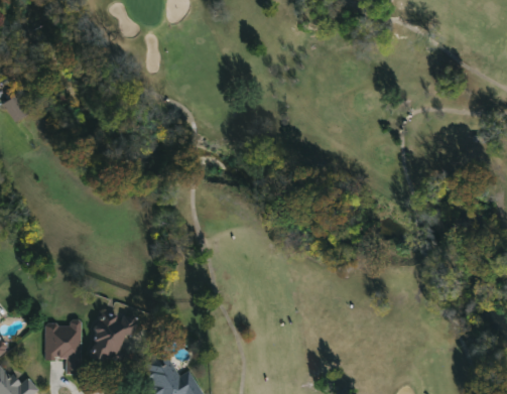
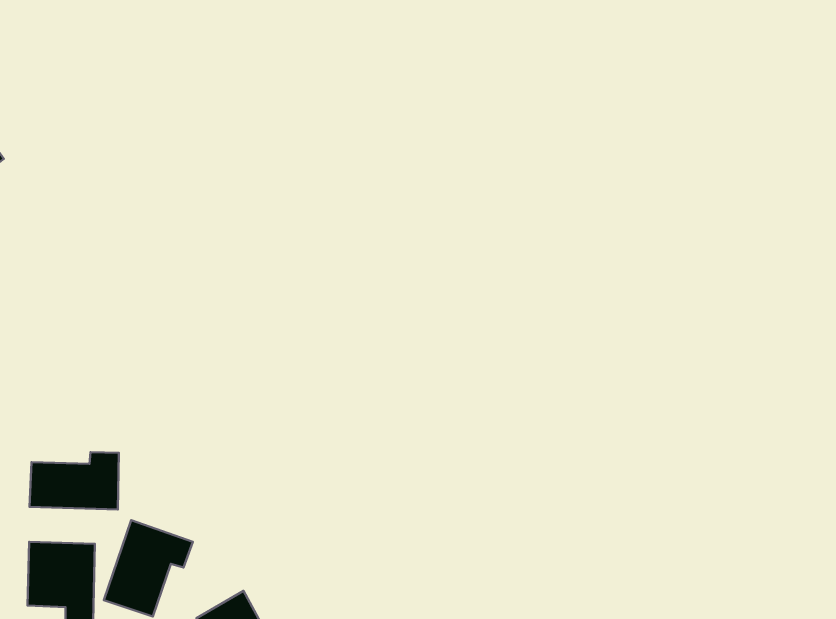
building: none -> [30,452,119,509]

